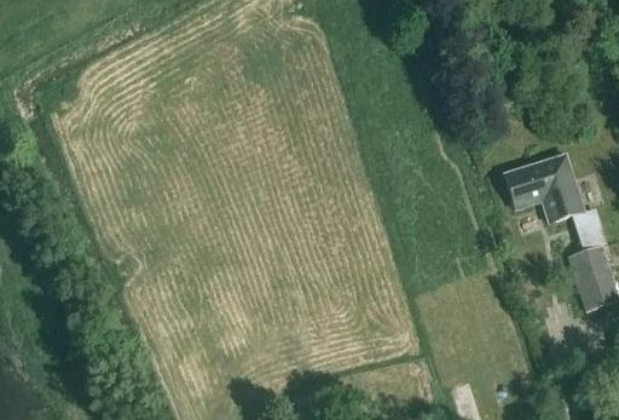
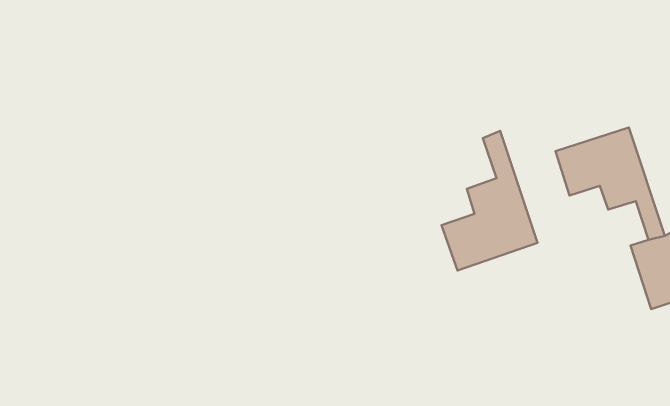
building: none -> [441,131,537,271]

